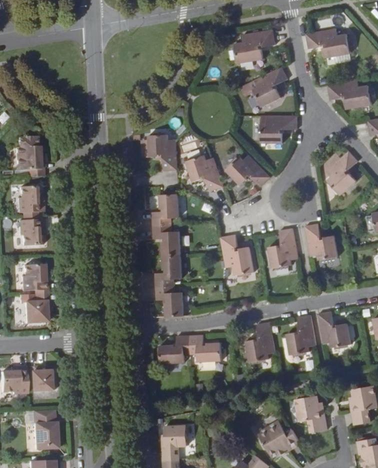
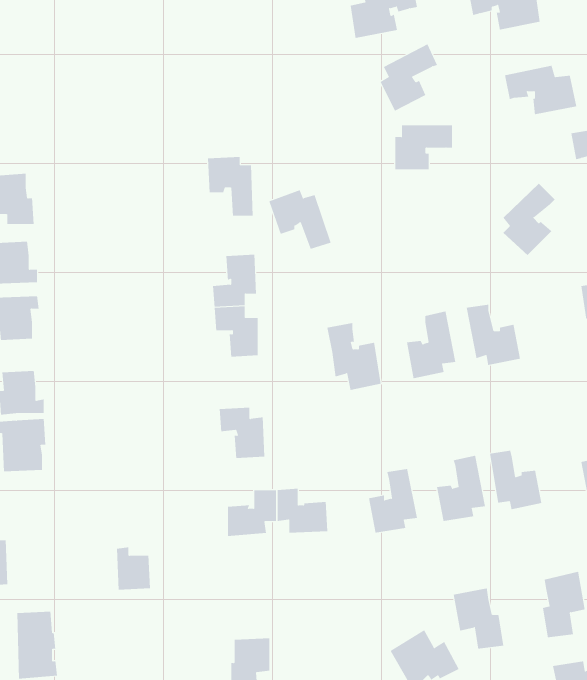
building: [225,154,269,186] -> none
building: [154,254,181,286] -> none
building: [35,363,56,389] -> [116,547,151,590]

